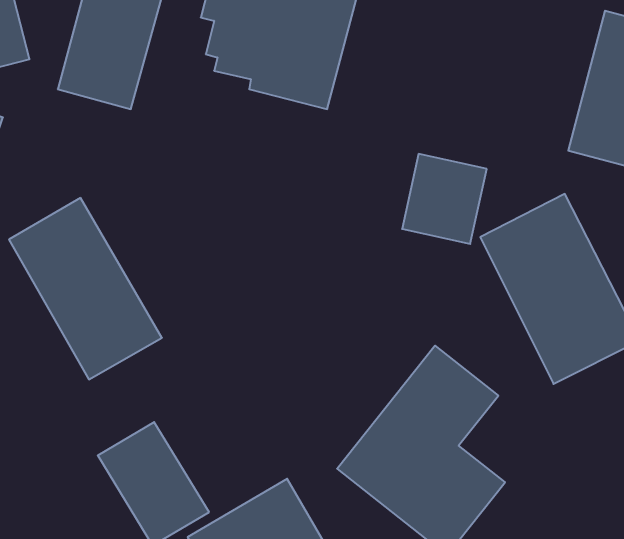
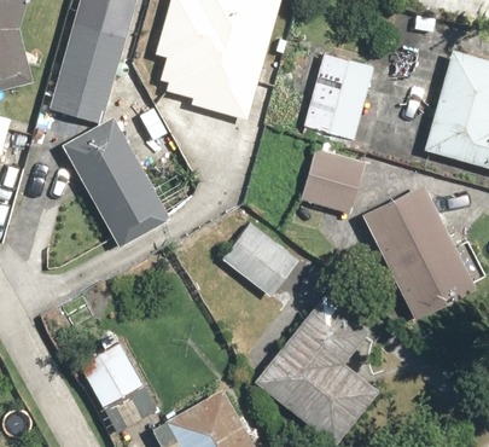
building: none -> [303,57,377,140]
building: [9,198,162,379] -> [60,114,171,245]
building: none -> [217,217,305,302]

